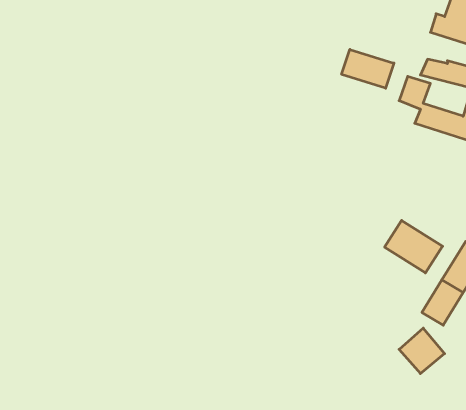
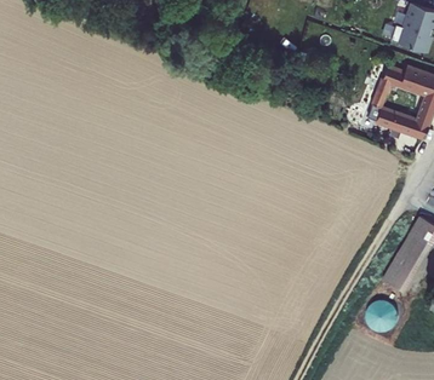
building: [342,49,394,88] -> none
building: [385,220,443,273] -> none

